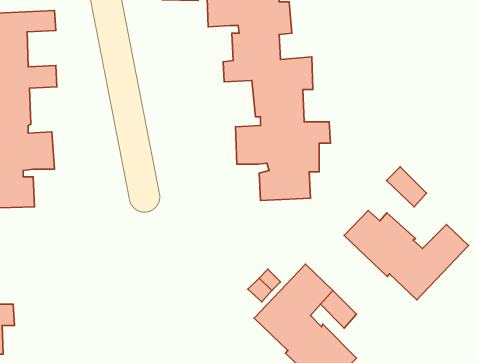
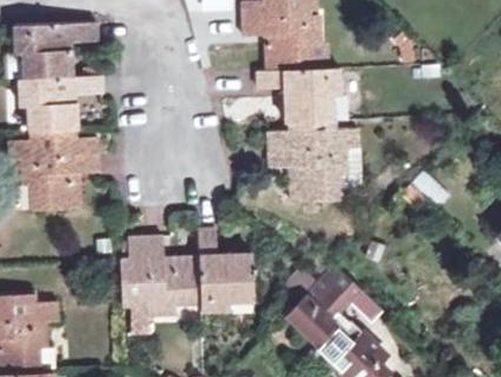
building: [344,210,469,300] -> none
building: none -> [120,230,255,315]

